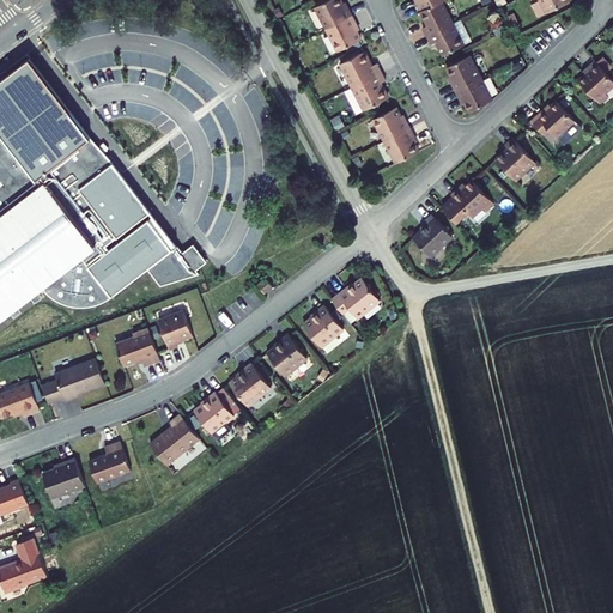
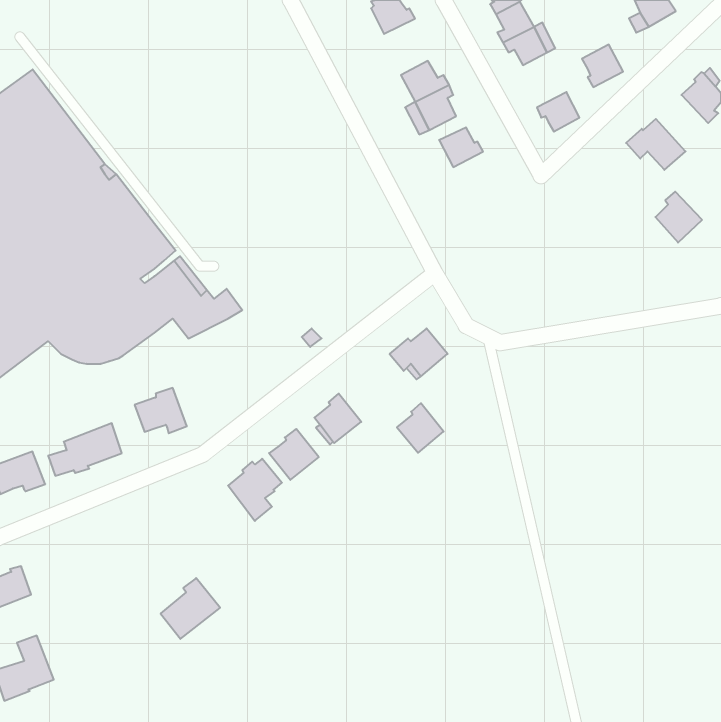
building: [324,17,359,53] -> none
building: [444,56,479,92] -> [582,45,623,87]
building: [383,129,417,164] -> none
building: [494,139,534,182] -> [655,192,702,243]
building: [441,181,492,224] -> none
building: [412,216,450,257] -> none
building: [302,305,341,347] -> [397,403,444,453]
building: [157,311,192,350] -> none
building: [148,414,199,466] -> [161,578,220,639]
building: [87,442,129,484] -> none
building: [42,459,84,499] -> none

